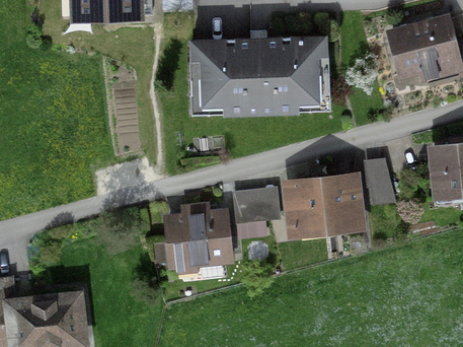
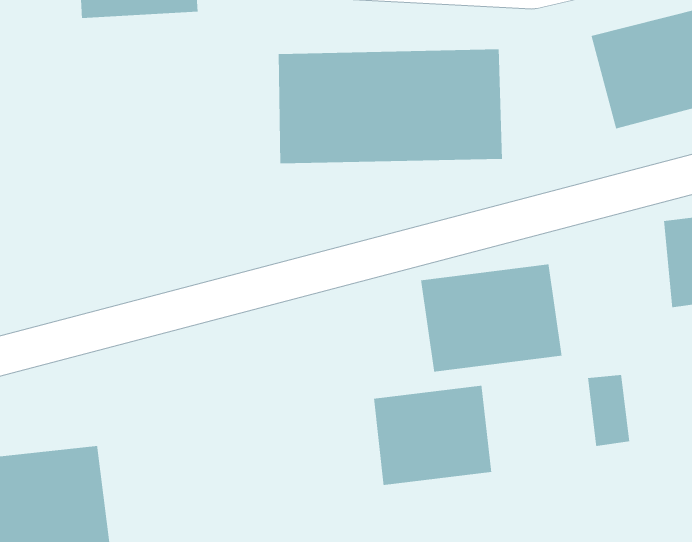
building: [365,159,391,204] -> [587,374,630,447]
building: [234,188,272,223] -> none
building: [161,207,234,269] -> [373,385,492,486]

